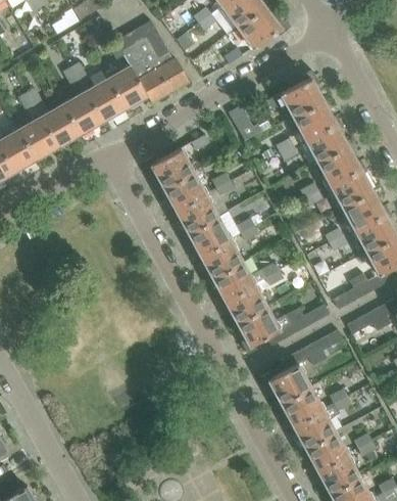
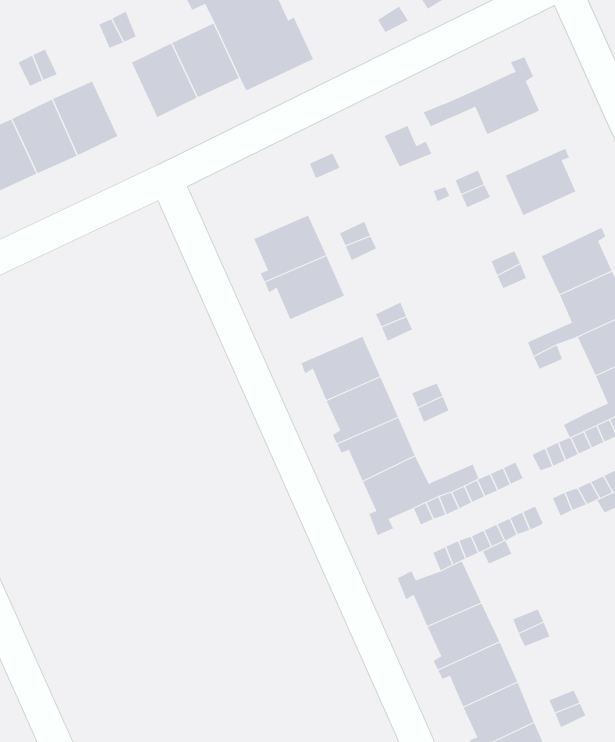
building: [62,92,101,135] -> none
building: [292,101,338,140] -> none
building: [316,146,362,185] -> none
building: [143,148,193,188] -> none
building: [187,217,230,258] -> none

